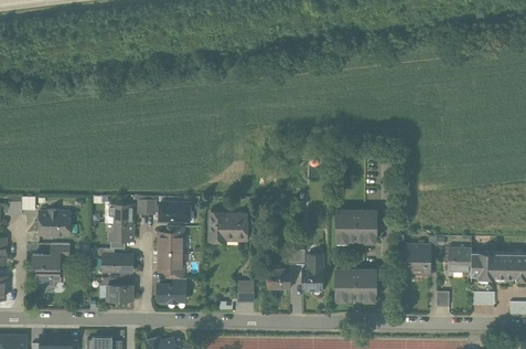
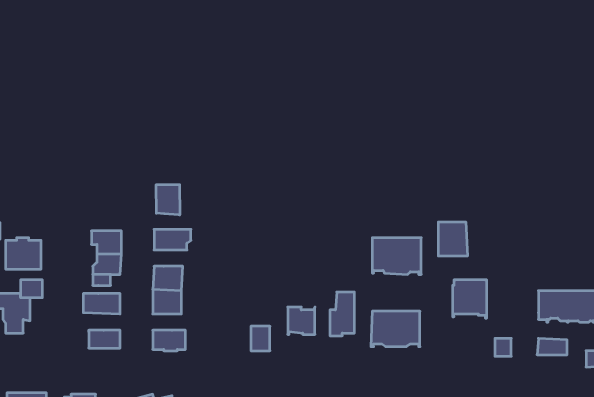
building: none -> [156,185,180,215]
building: none -> [438,222,467,256]
building: [211,212,247,242] -> none
building: [448,246,471,271] -> none

